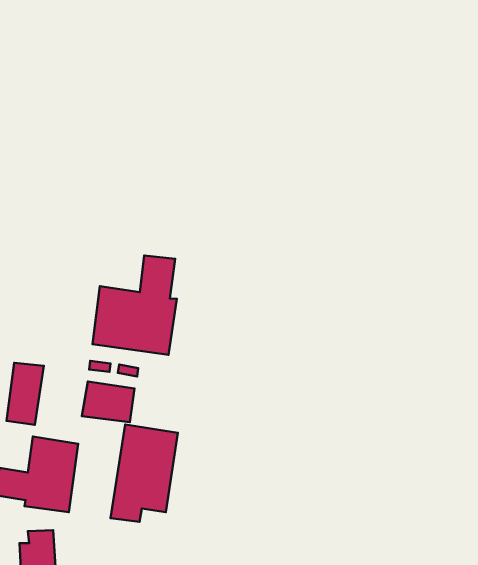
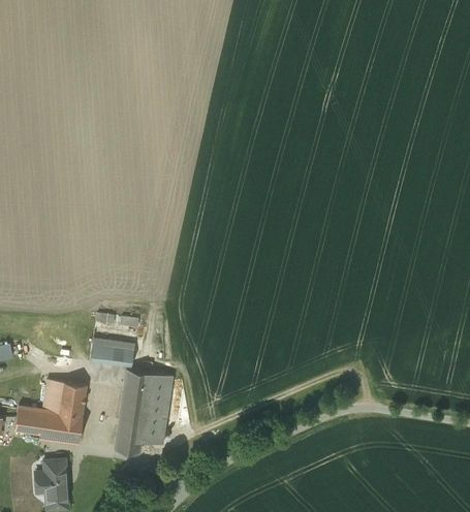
building: [92,256,177,355] -> none
building: [6,363,44,425] -> none

